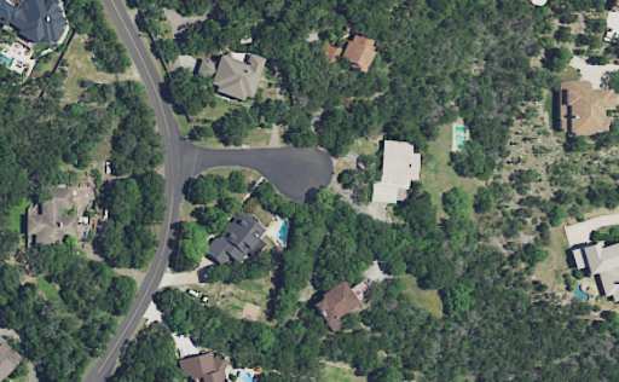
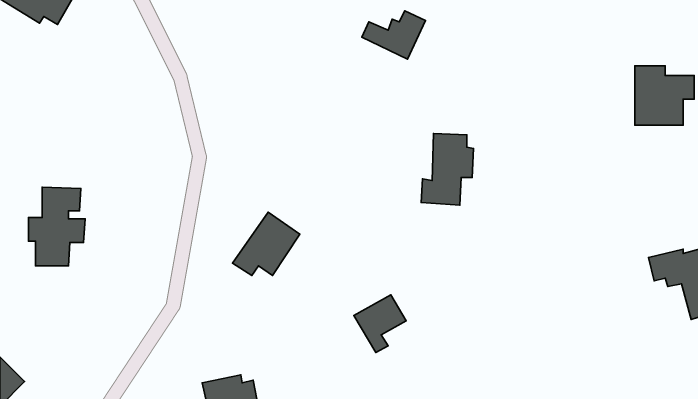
building: [196,53,266,100] -> none

